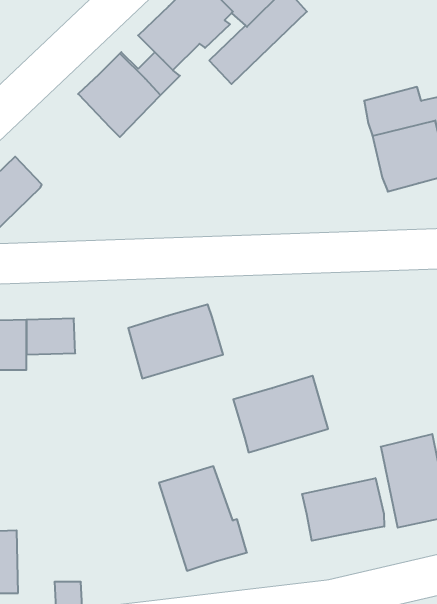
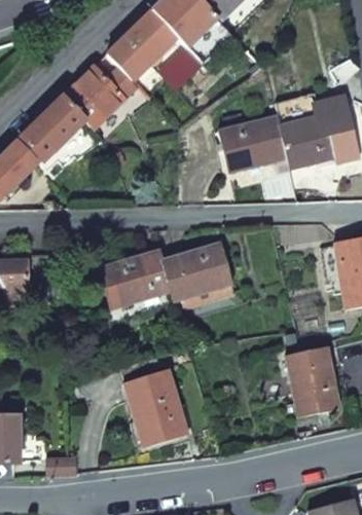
building: none -> [21,95,87,161]
building: none -> [218,116,288,172]
building: [233,376,328,452] -> [162,242,232,298]
building: [302,478,384,541] -> none

